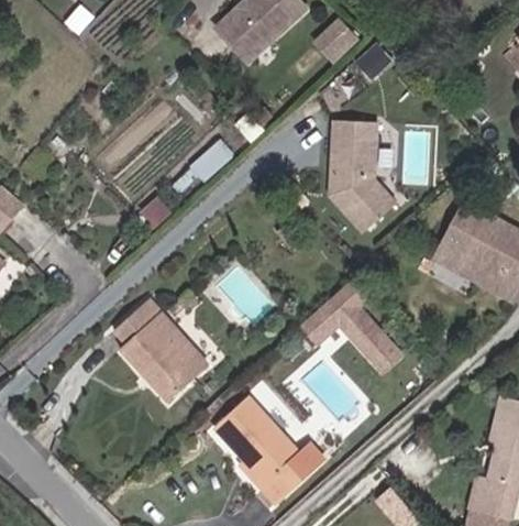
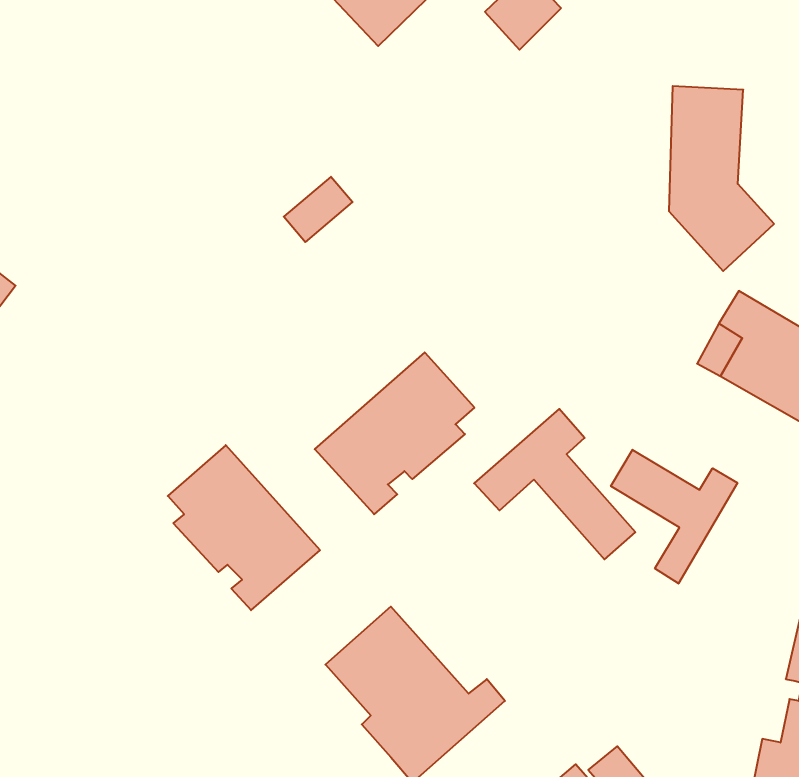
building: [332,121,396,233] -> [669,86,774,271]
building: none -> [315,352,474,514]
building: none -> [611,450,737,584]

